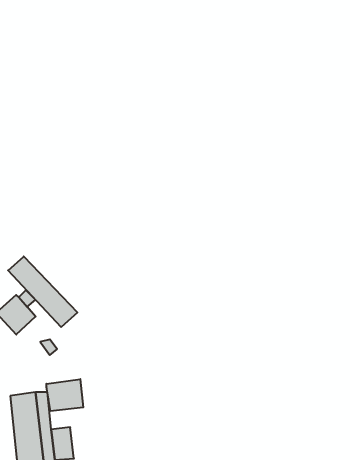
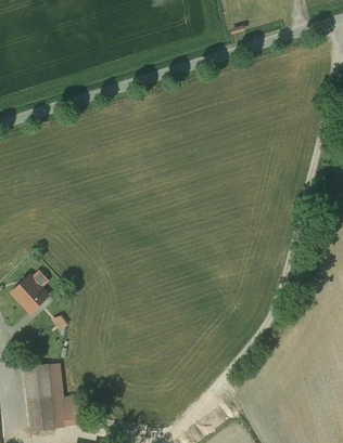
building: [8,256,77,327] -> none
building: [46,379,83,411] -> none

